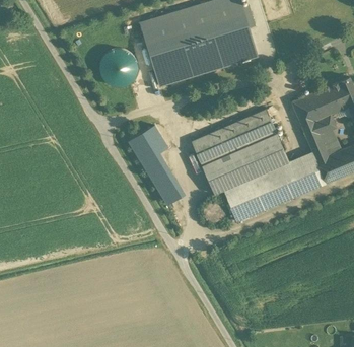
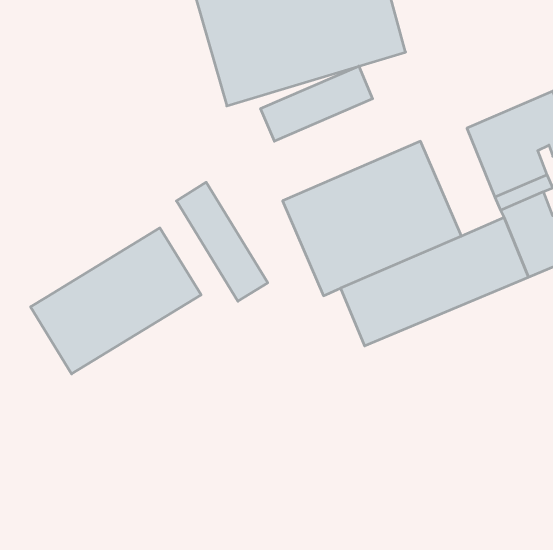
building: [97,47,140,88] -> none
building: none -> [261,66,373,141]
building: none -> [31,228,201,374]

